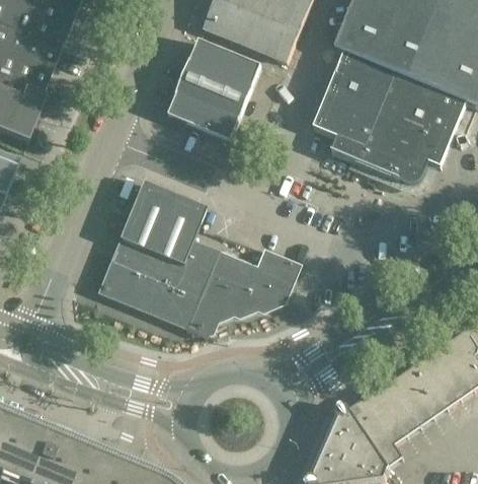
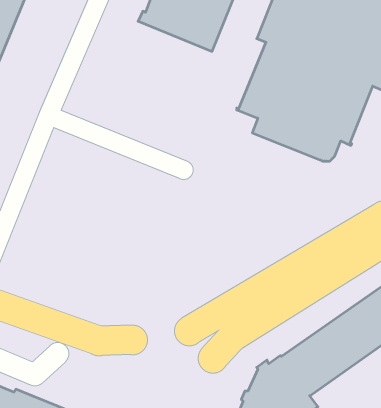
building: [174,42,260,141] -> none
building: [101,182,301,331] -> none

